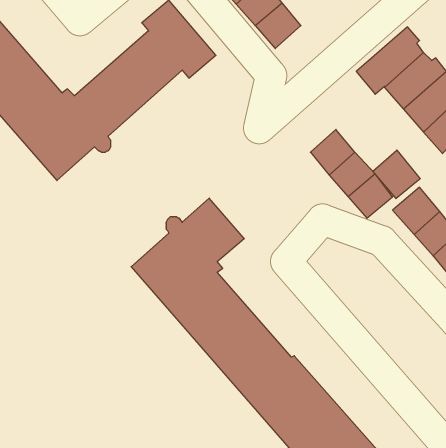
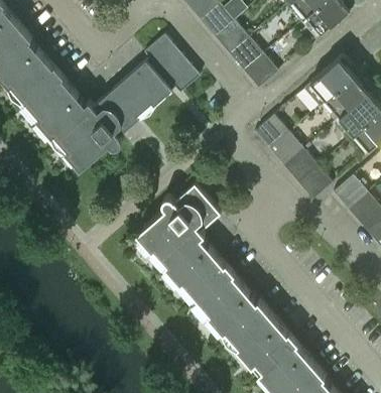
building: none -> [244,55,278,89]
building: none -> [254,116,289,150]
building: [373,150,420,199] -> none

